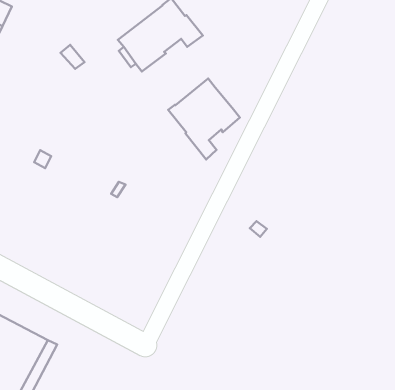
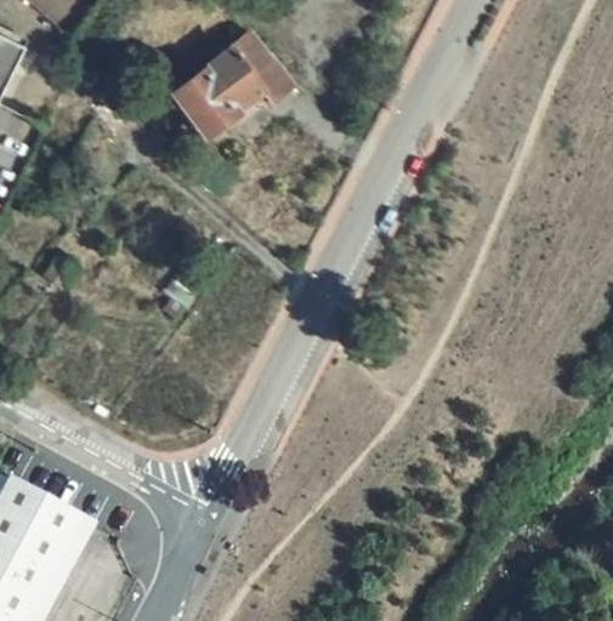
building: [168,78,240,160] -> none

